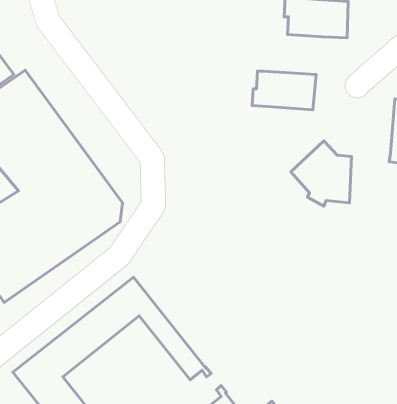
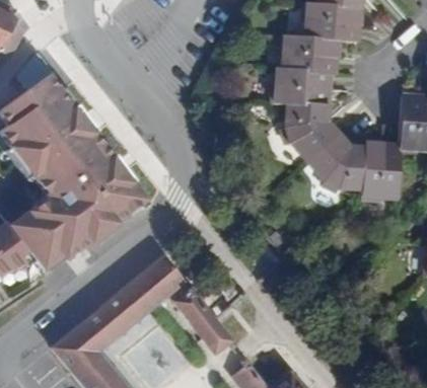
building: none -> [277,34,336,72]
building: none -> [281,101,337,161]
building: none -> [359,142,398,202]

